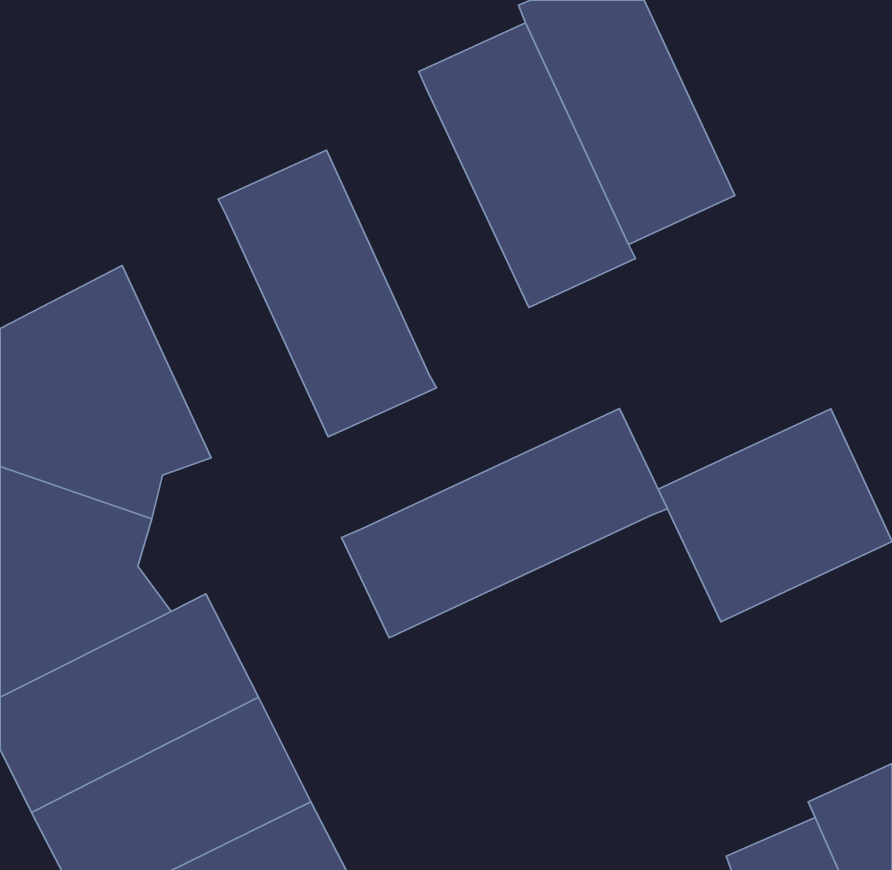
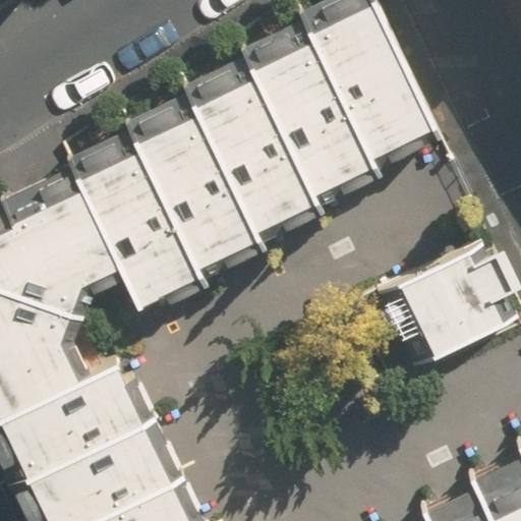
building: none -> [186,64,312,232]
building: none -> [71,139,196,306]
building: [341,409,667,638] -> none

